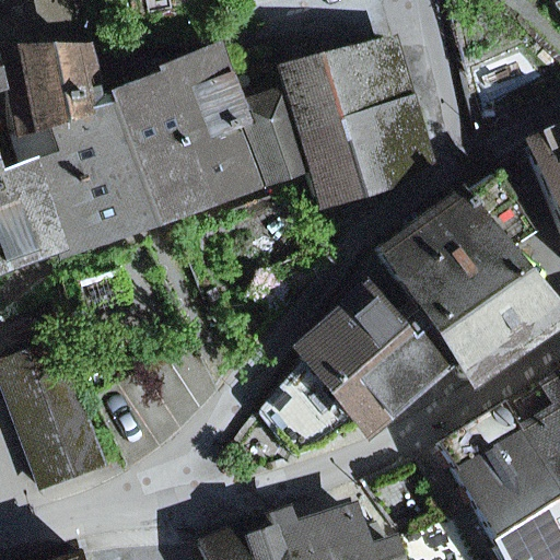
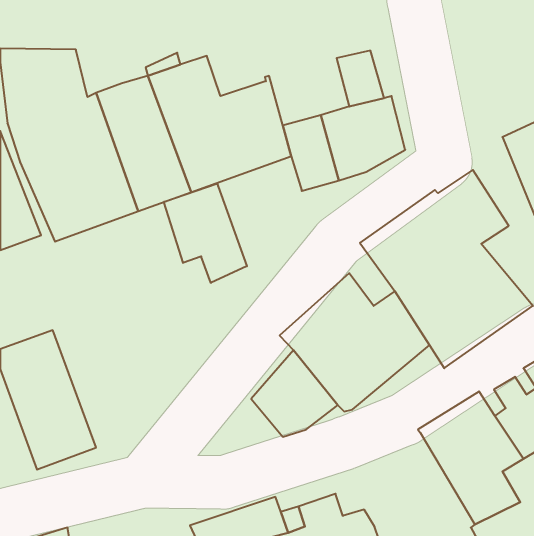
building: [284,63,368,133] -> none
building: none -> [164,184,247,283]

